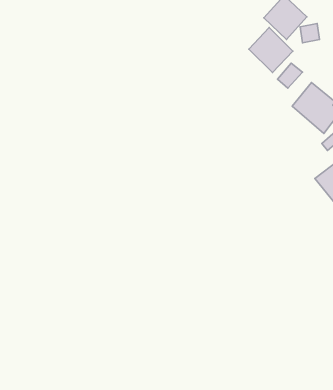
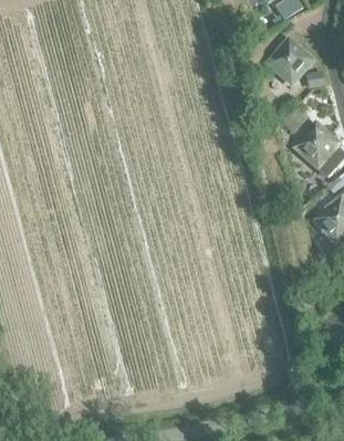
building: [249,28,293,72] -> none

